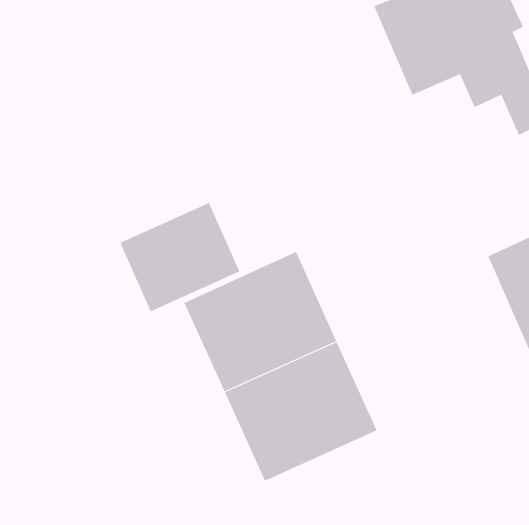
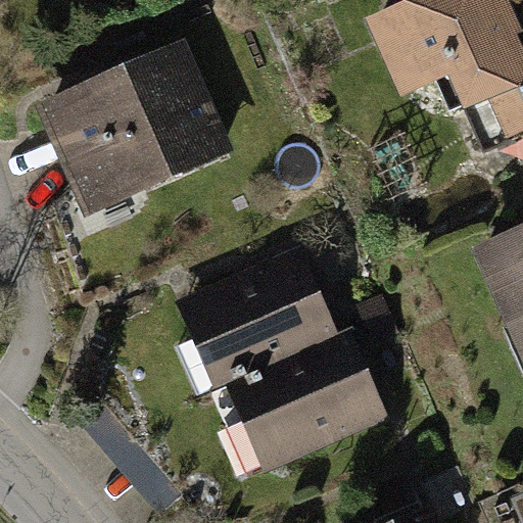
building: none -> [44,50,225,211]
building: [119,202,240,312] -> none

